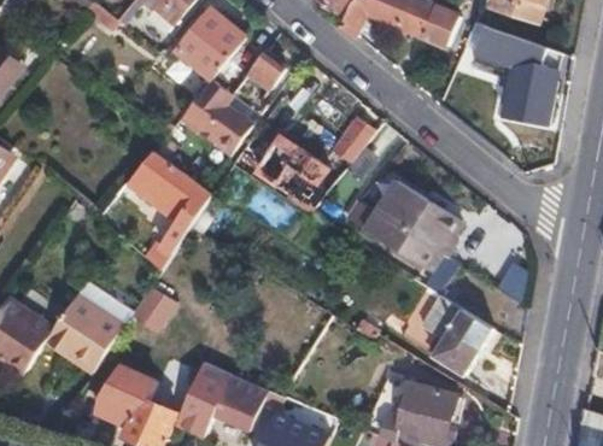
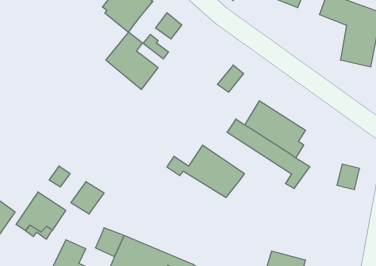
building: [232,136,339,209] -> [167,145,244,197]
building: [127,152,211,271] -> none
building: [420,297,490,372] -> none

